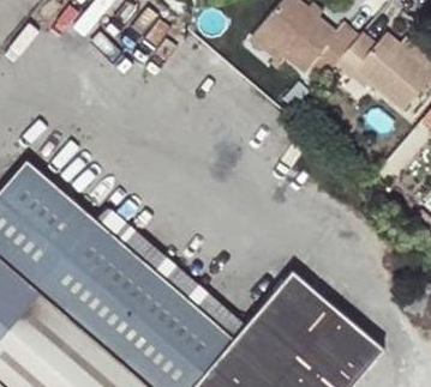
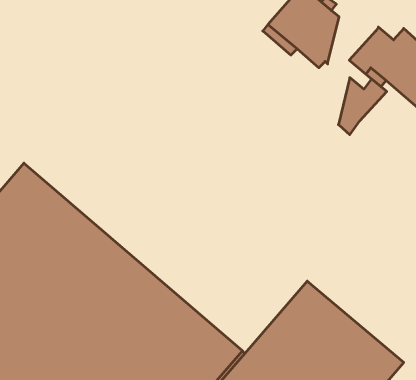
building: [313,22,359,75] -> [338,78,387,135]

